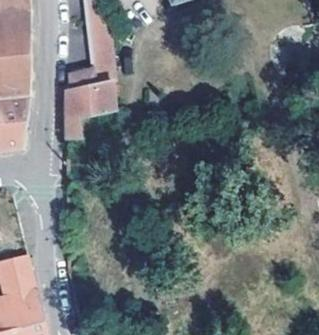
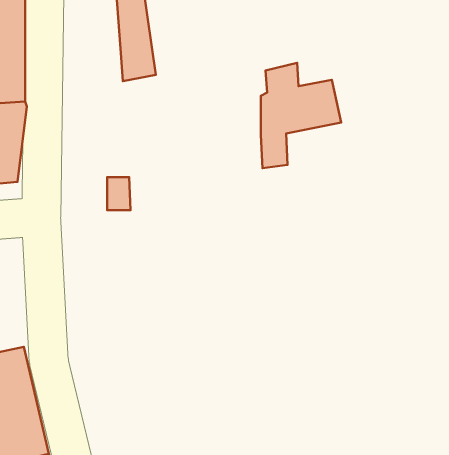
building: [66,71,117,138] -> [261,63,341,168]

